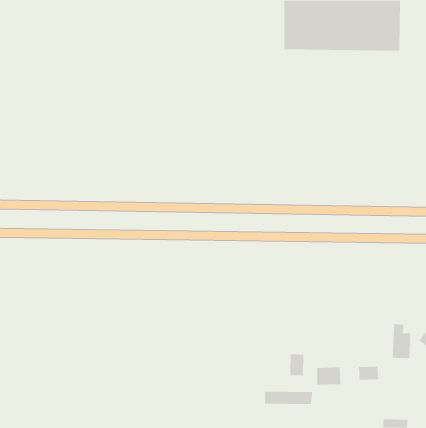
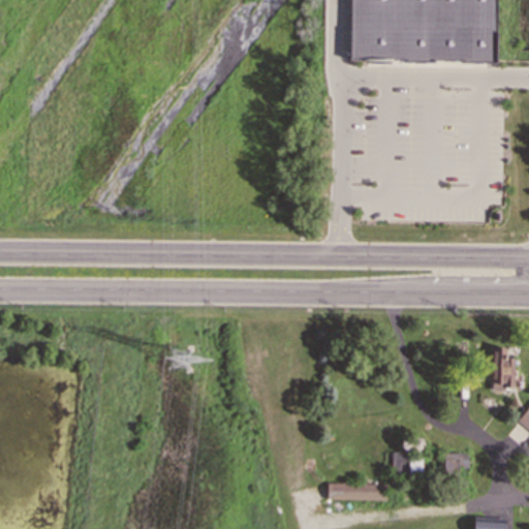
building: [392,324,411,359] -> [492,346,516,390]
building: [290,354,304,376] -> none

